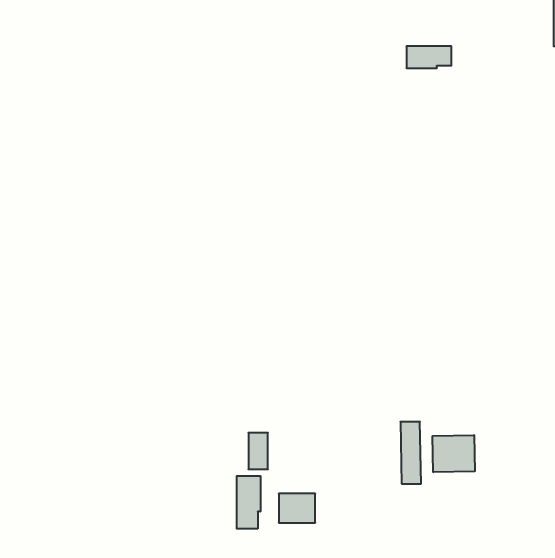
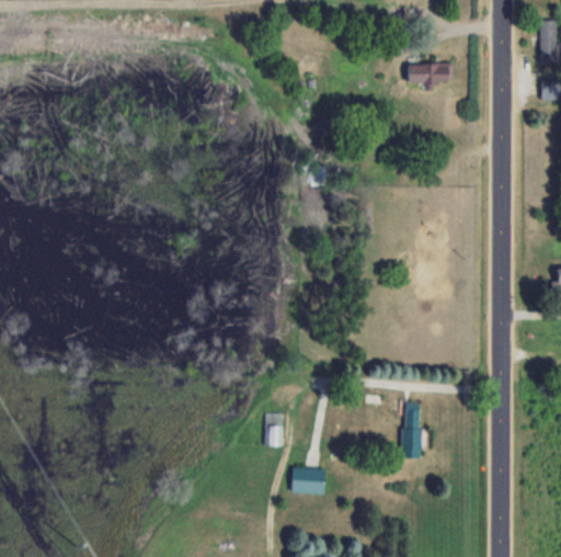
building: [433,435,475,472] -> none
building: [237,476,260,529] -> none

